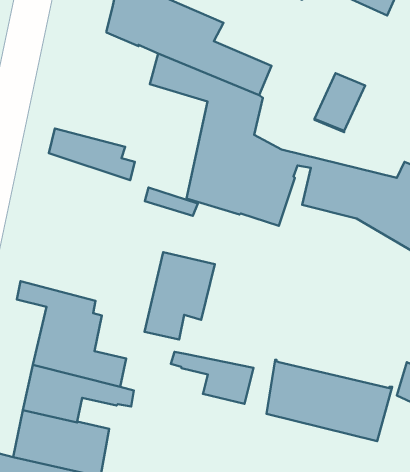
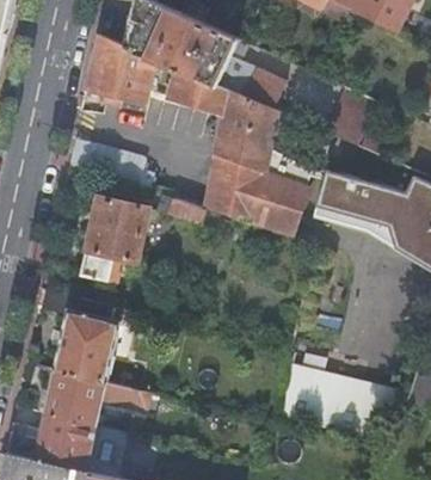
building: none -> [80,35,155,115]
building: [145,252,215,339] -> [80,197,148,282]
building: [171,352,253,404] -> none

